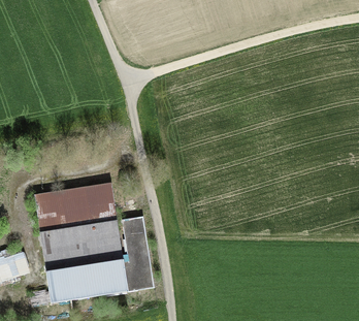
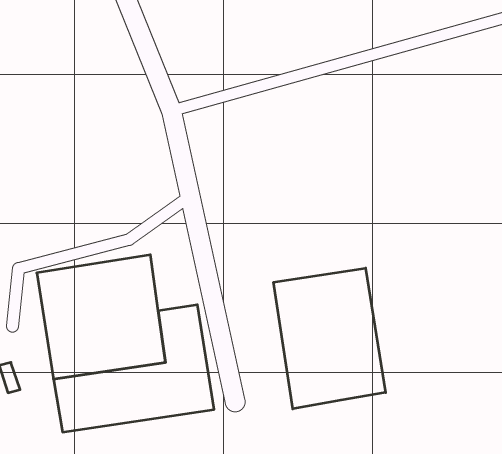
building: none -> [274,268,386,409]

